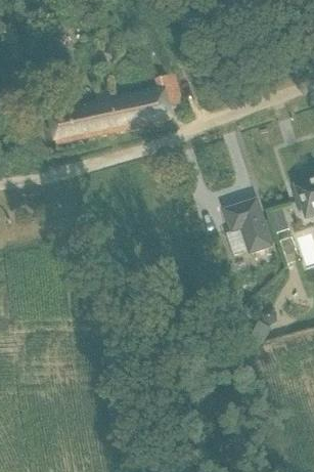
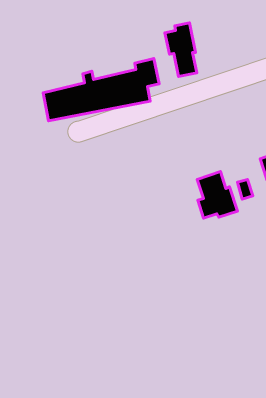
building: none -> [165,23,197,76]

